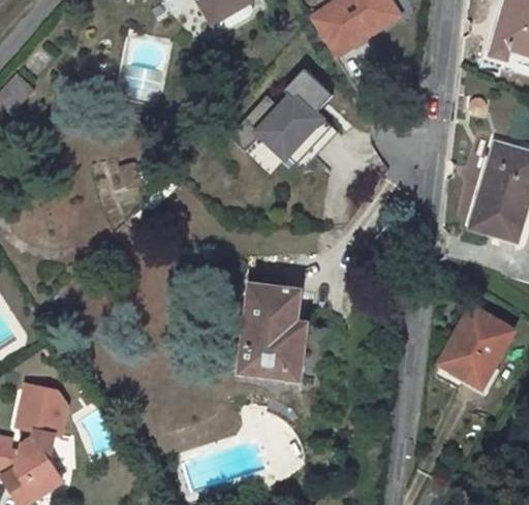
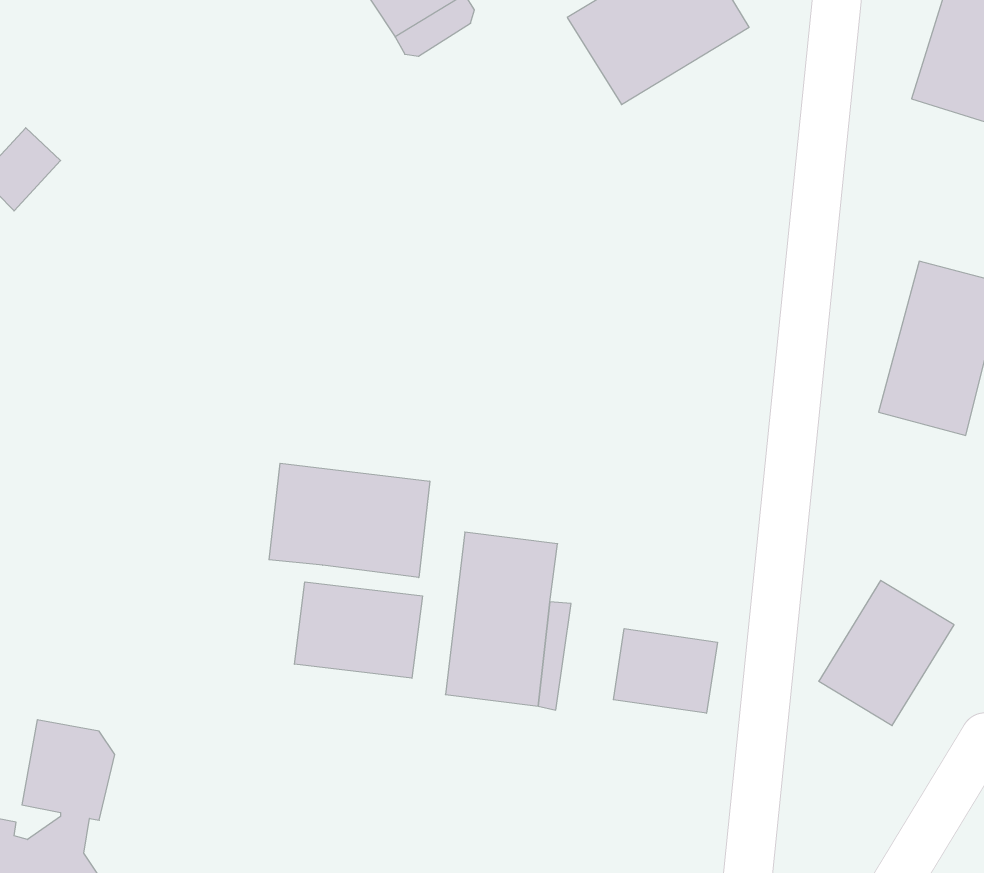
building: [245,67,335,172] -> none
building: none -> [269,463,430,578]
building: none -> [294,582,422,678]
building: none -> [613,629,717,713]

